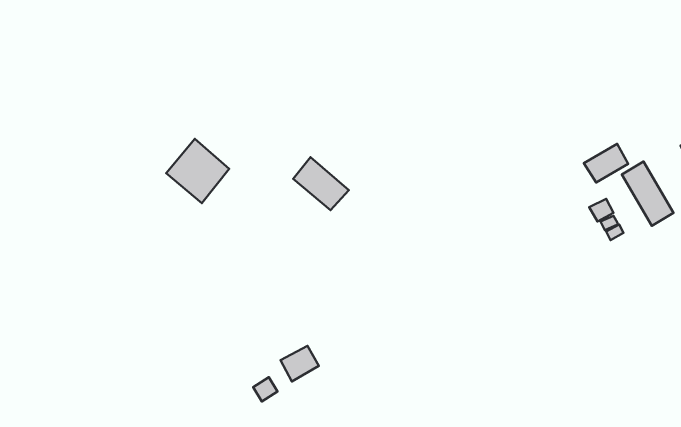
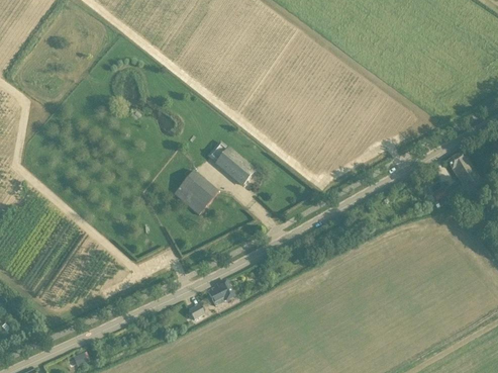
building: [166,139,229,203] -> [173,170,217,215]
building: [584,144,628,182] -> none

